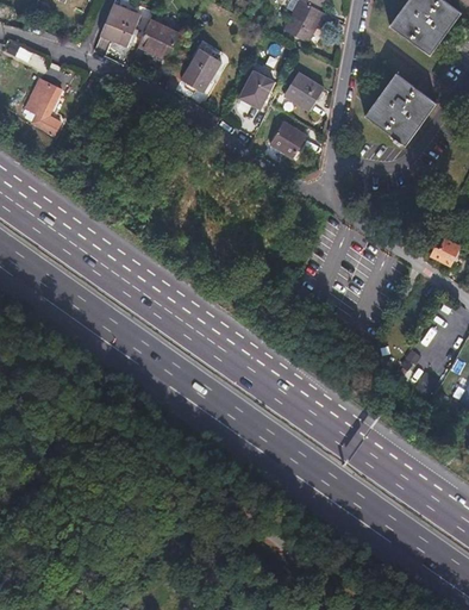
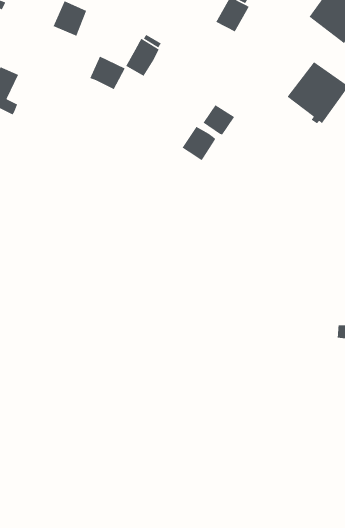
building: [138,19,180,58] -> [89,55,126,90]
building: [282,71,320,110] -> none
building: [238,73,270,108] -> none
building: none -> [182,126,216,161]

